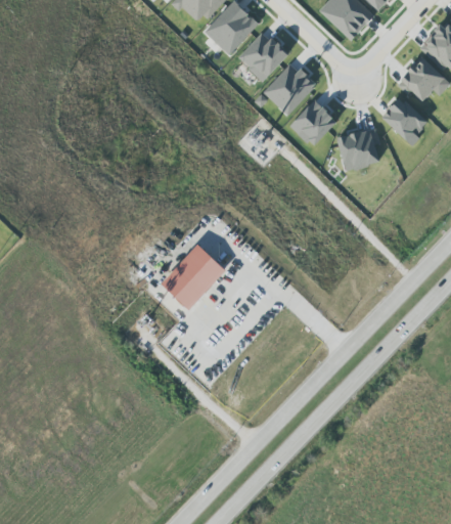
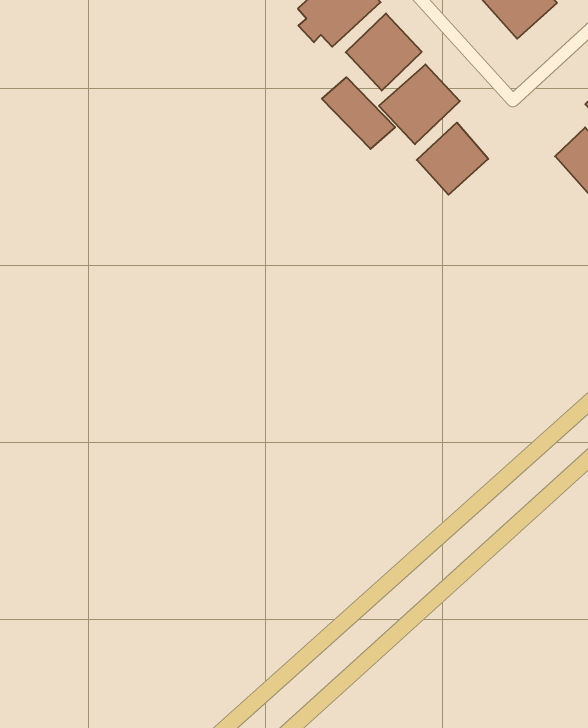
building: none -> [322,77,395,149]
building: [337,128,380,169] -> none
building: [162,244,227,309] -> none

